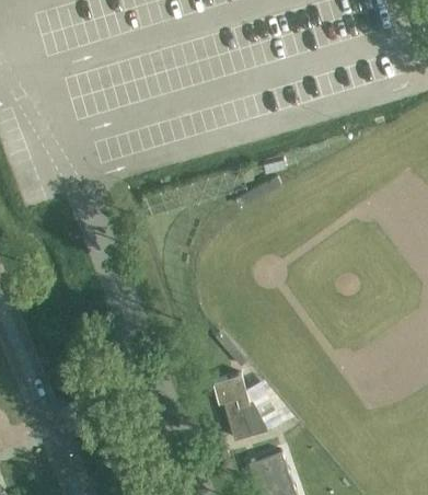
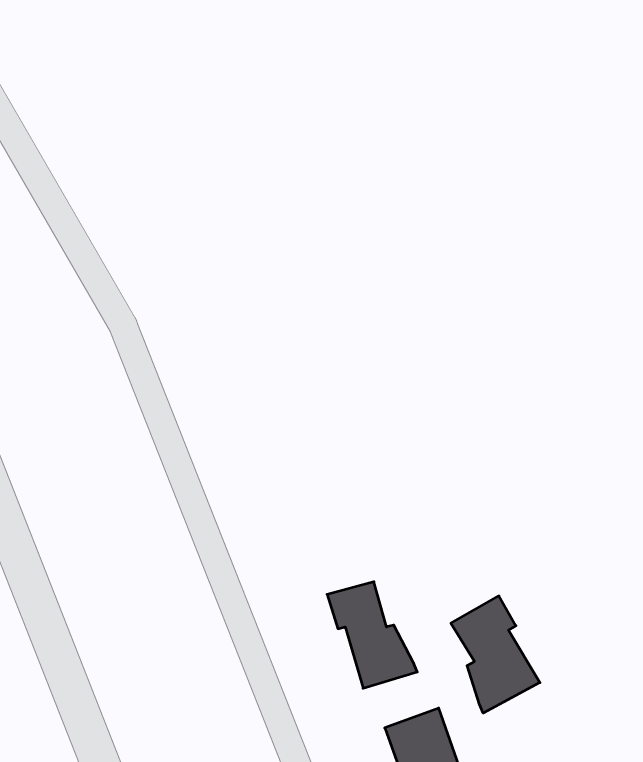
building: none -> [451,596,540,713]

